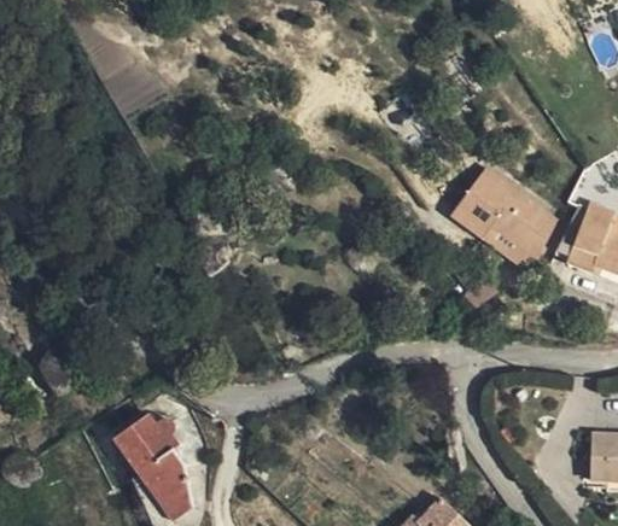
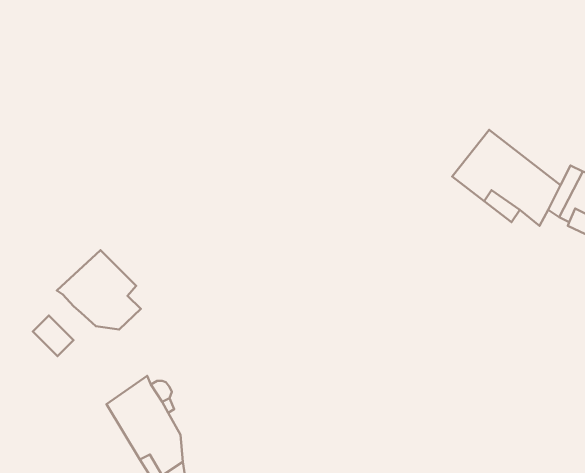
building: none -> [57,250,141,330]

